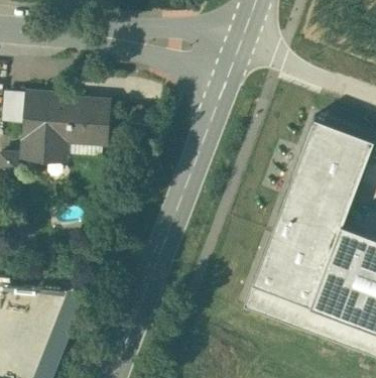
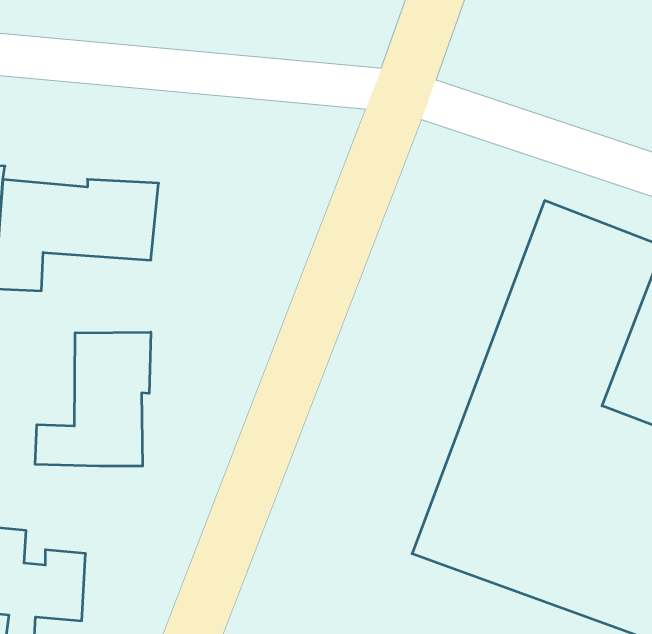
building: none -> [35,332,151,466]

